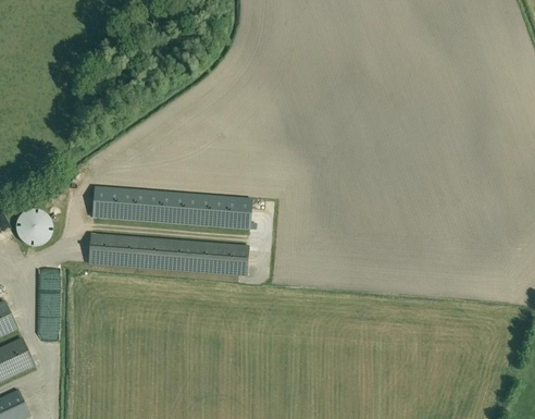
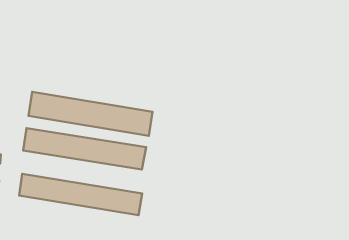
building: none -> [19,174,142,215]

